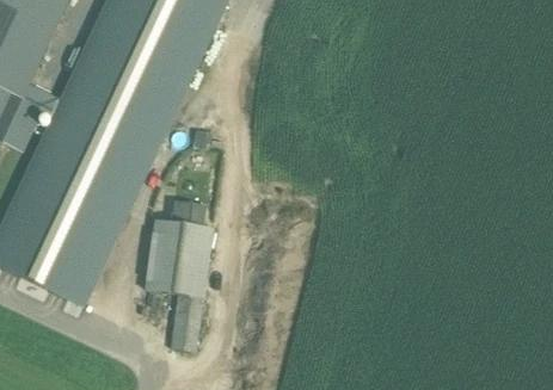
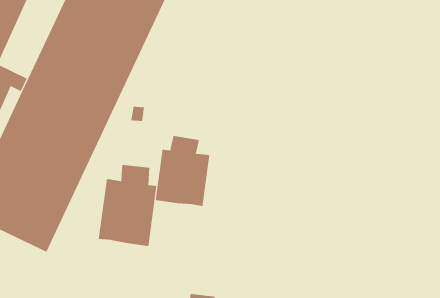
building: none -> [155,135,210,207]
building: [168,292,201,351] -> none

